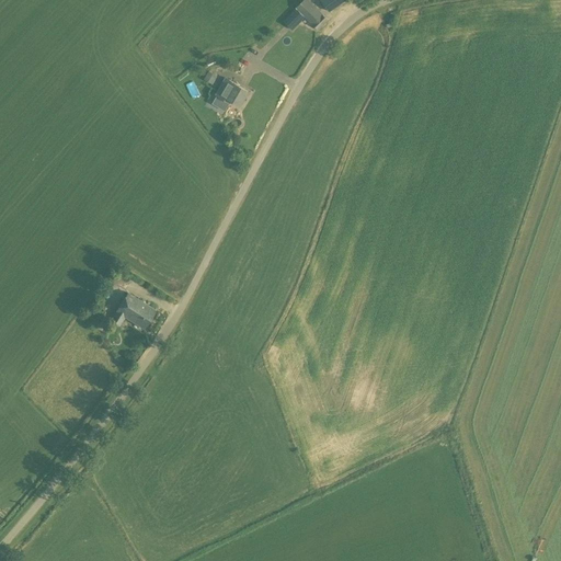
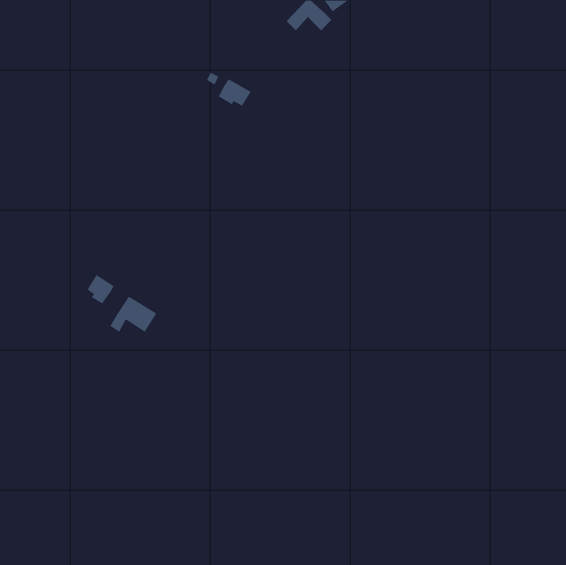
building: none -> [87,274,114,304]

